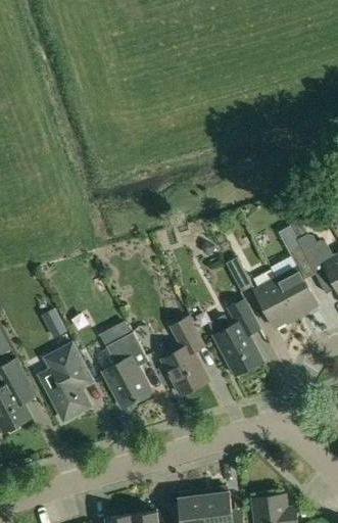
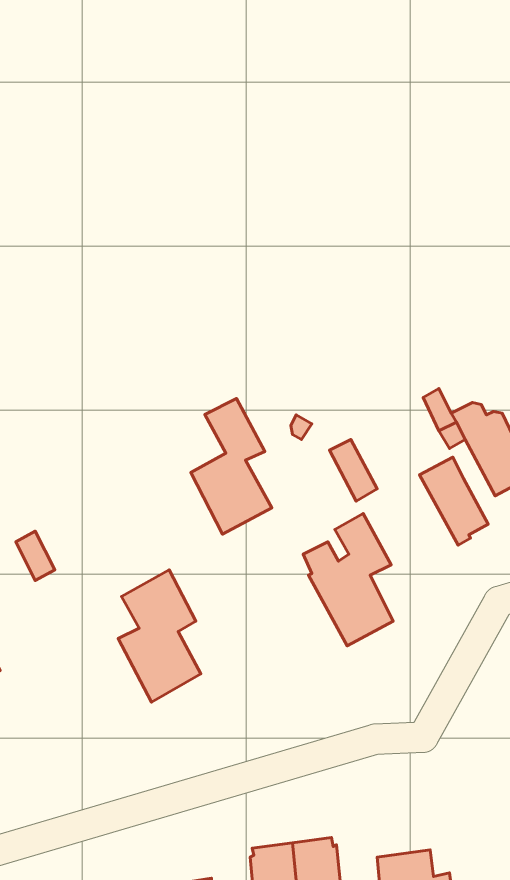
building: [254,277,300,328] -> none
building: [162,317,209,395] -> [191,399,272,534]
building: [41,345,91,420] -> none

